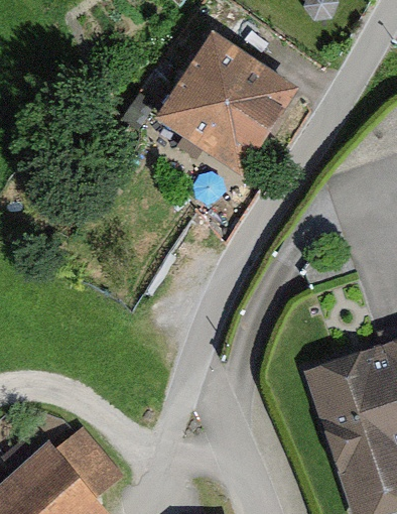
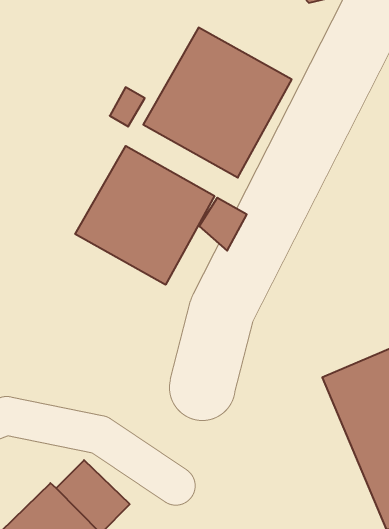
building: none -> [75,146,214,285]

